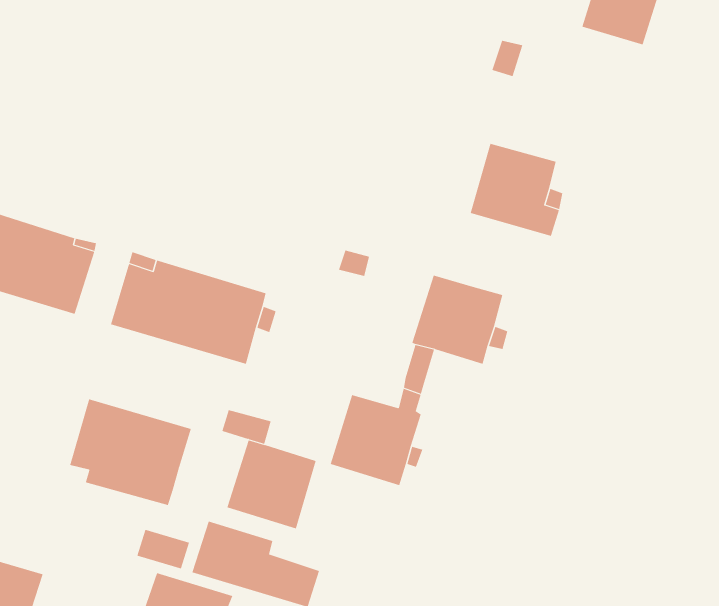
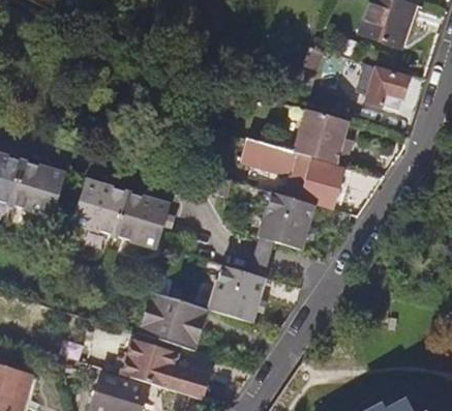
building: none -> [366,67,410,108]
building: none -> [244,140,301,181]
building: none -> [296,159,343,208]
building: [70,398,192,506] -> none

